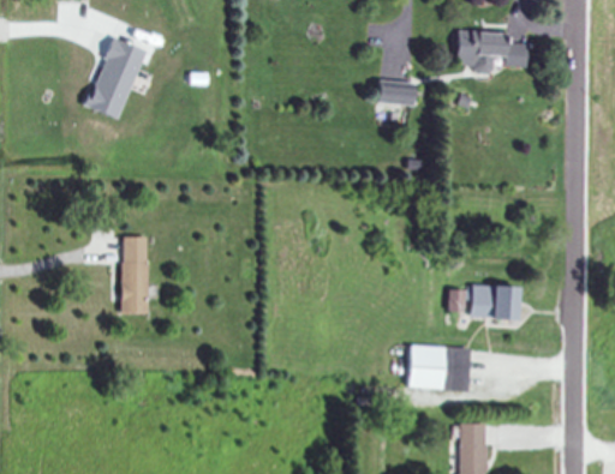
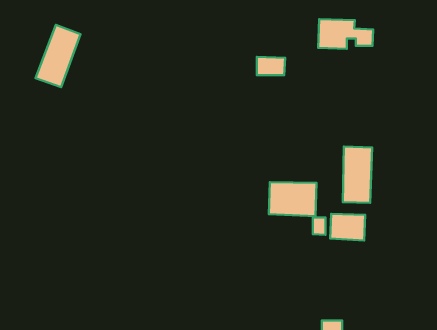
building: none -> [343,146,372,203]
building: [121,235,148,313] -> none
building: [407,346,470,390] -> [269,182,317,216]

